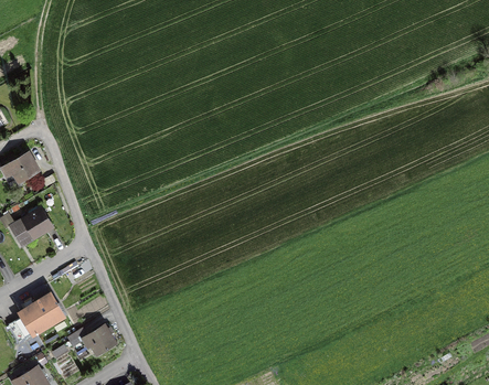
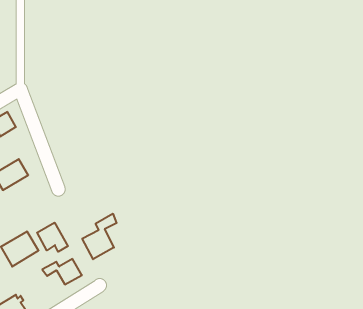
building: none -> [82,214,117,259]
building: none -> [37,223,68,252]

